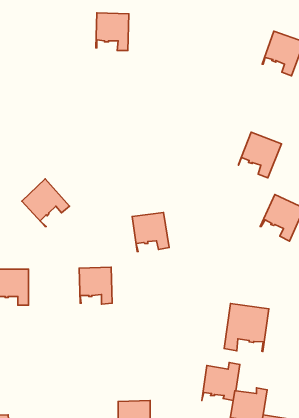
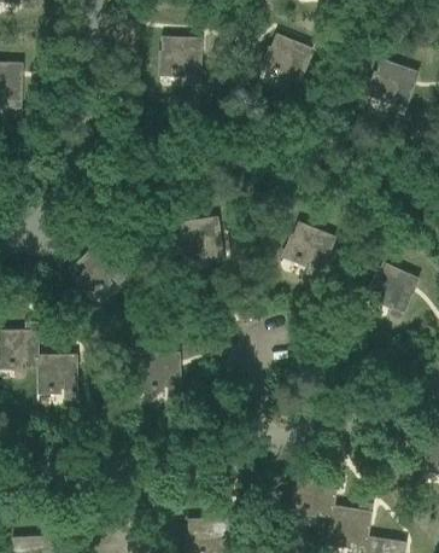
building: none -> [259,34,314,91]
building: [239,132,281,178] -> [282,222,335,279]
building: [132,212,169,251] -> [178,217,224,266]
building: [224,304,269,351] -> none

